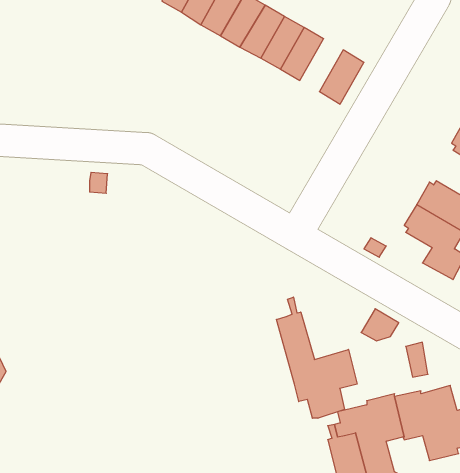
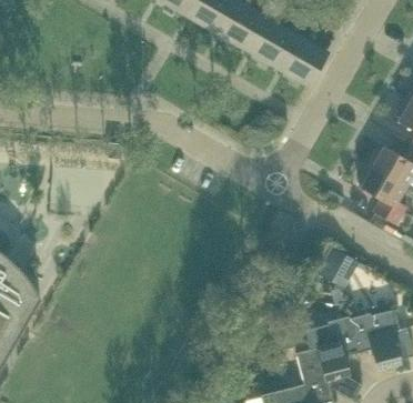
building: none -> [274,33,309,75]
building: [276,297,357,418] -> none

